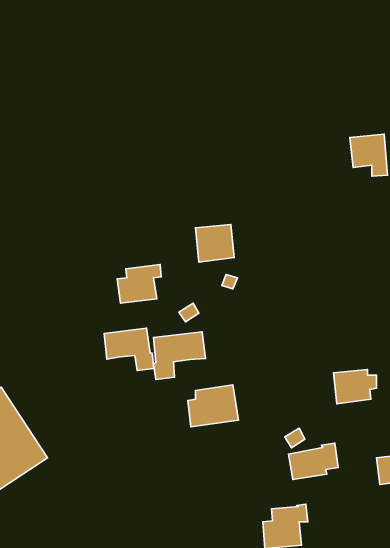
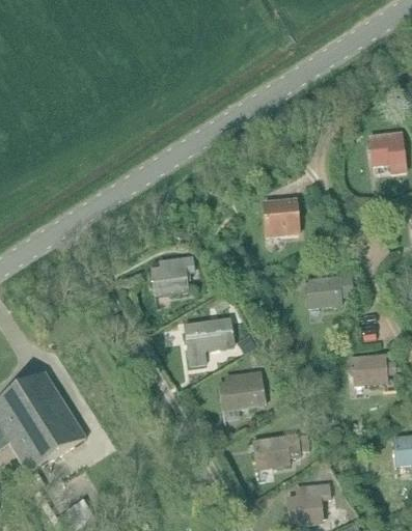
building: [196,224,234,262] -> [263,199,299,234]
building: none -> [306,274,353,306]
building: [104,328,154,370] -> none
building: [288,443,338,480] -> [253,432,300,467]

